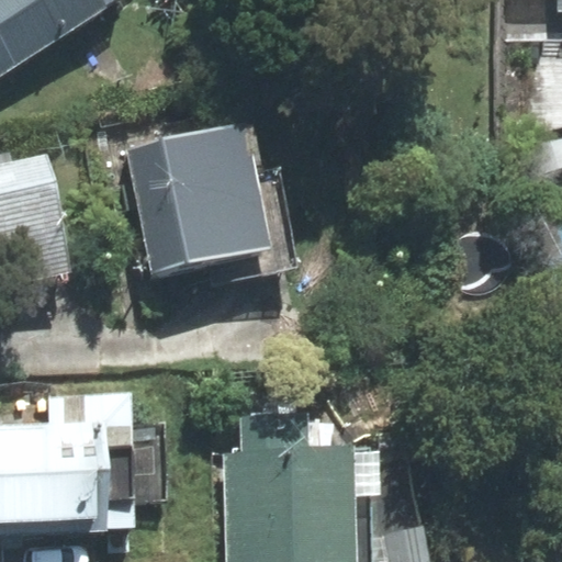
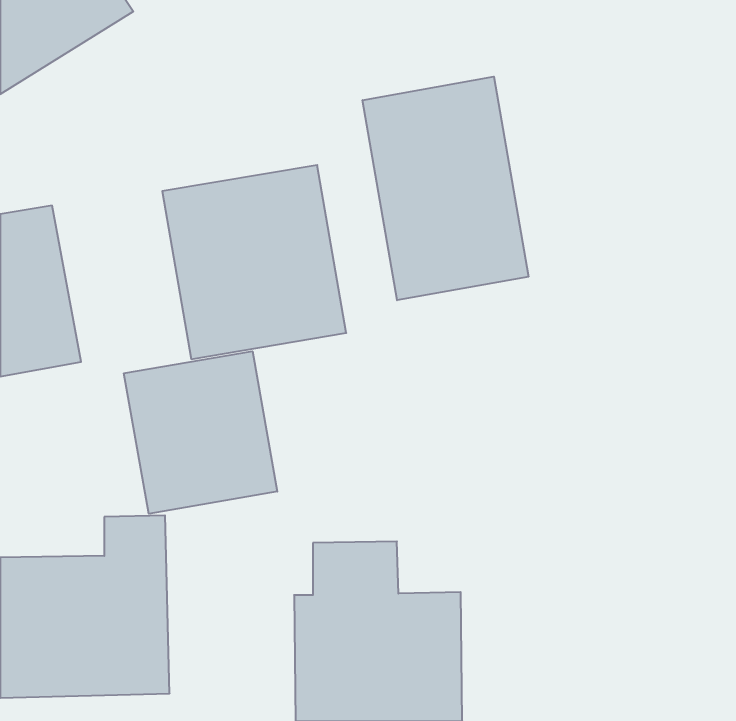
building: none -> [363,77,528,300]
building: none -> [124,351,277,514]

